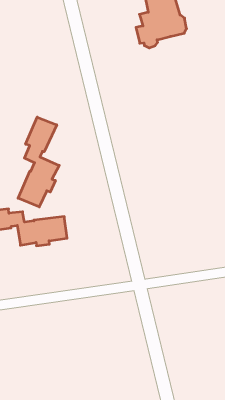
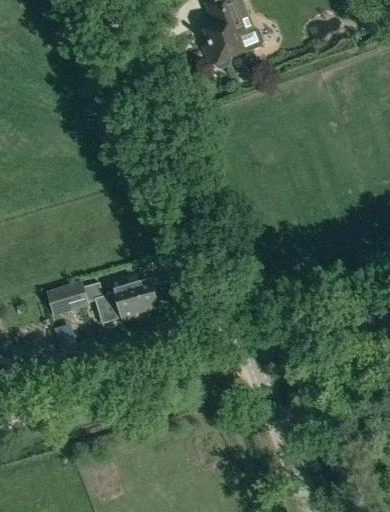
building: [18,117,59,207] -> none

